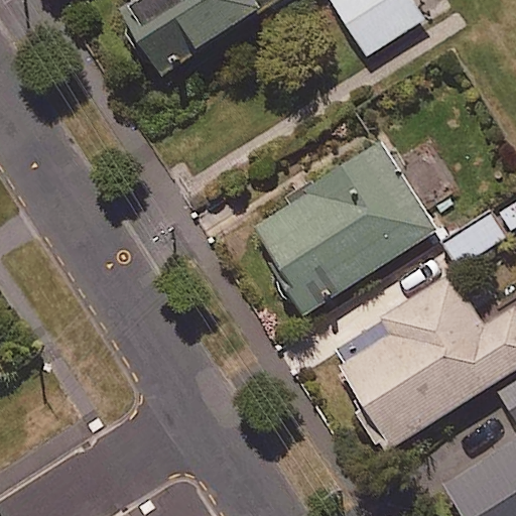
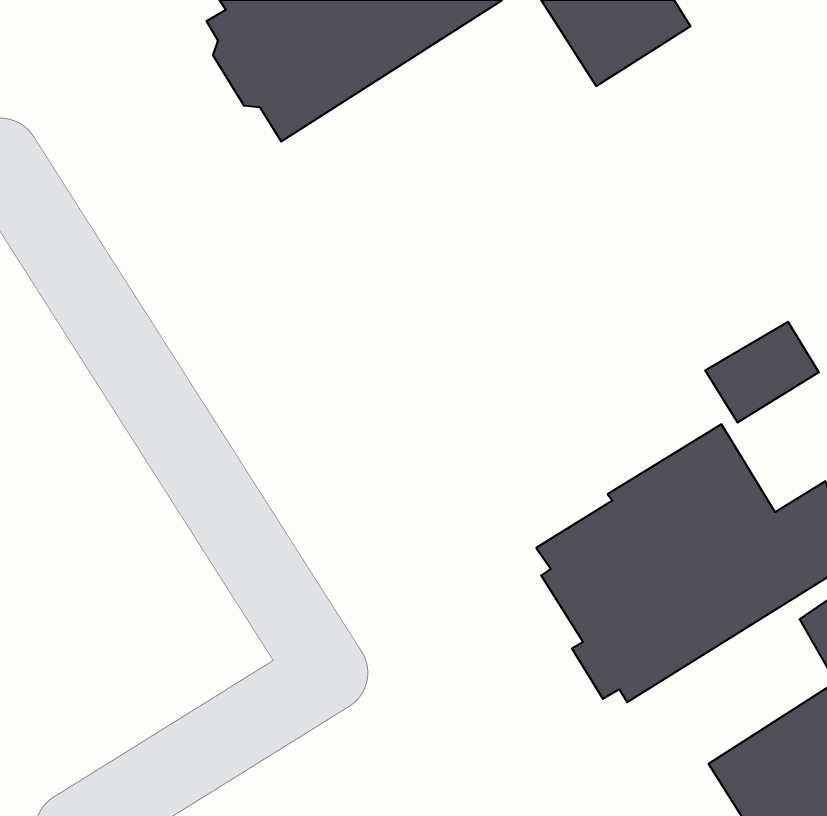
building: [254,135,441,313] -> none

